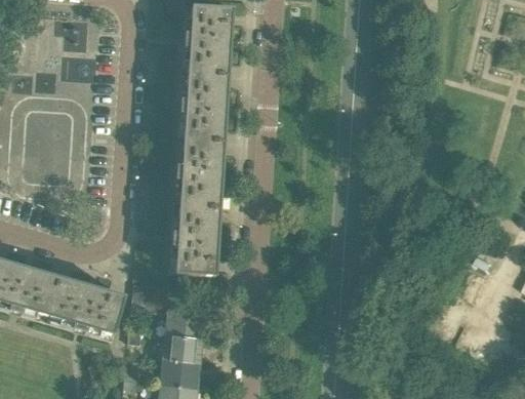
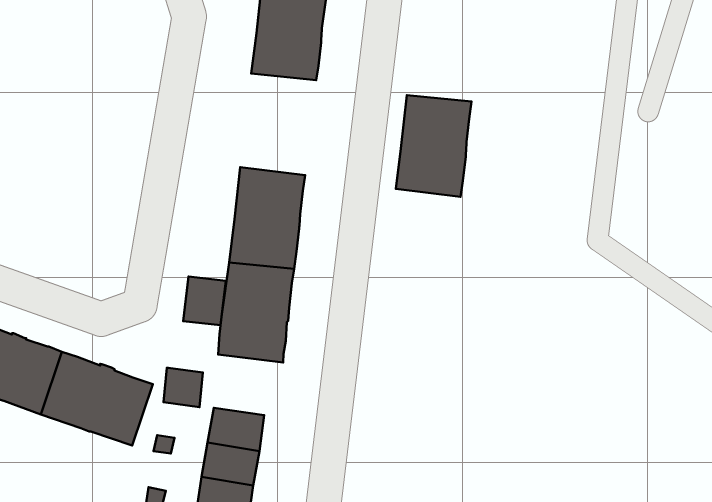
building: [177,71,228,141] -> [396,95,472,197]
building: none -> [183,277,226,325]

